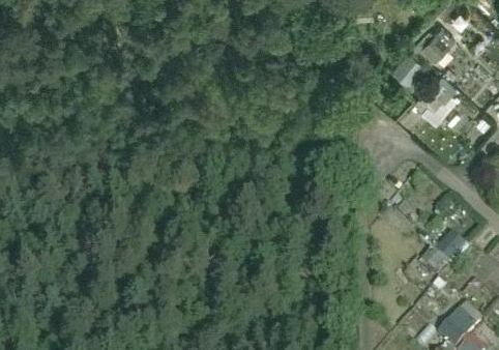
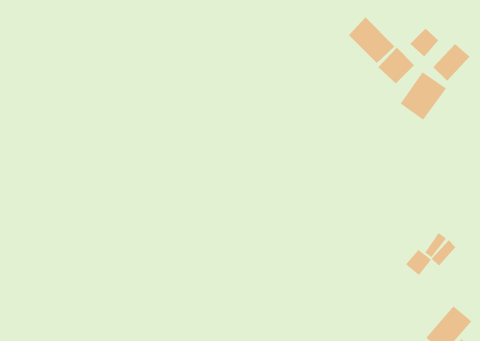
building: none -> [348,17,395,64]
building: none -> [432,43,470,81]

